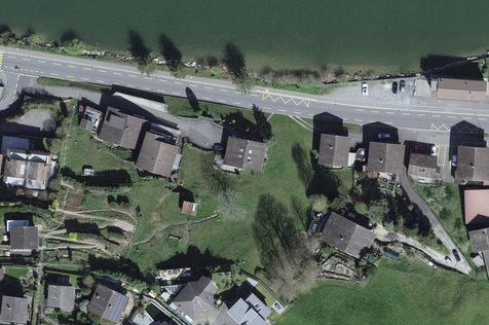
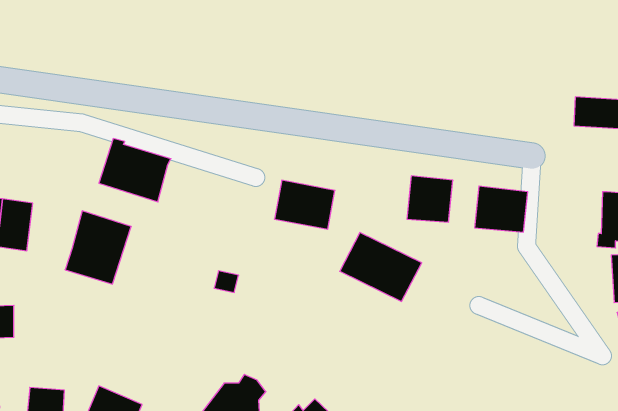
building: [136,124,183,177] -> [65,211,131,284]
building: [408,152,441,178] -> none
building: [318,211,377,260] -> [340,232,422,301]

